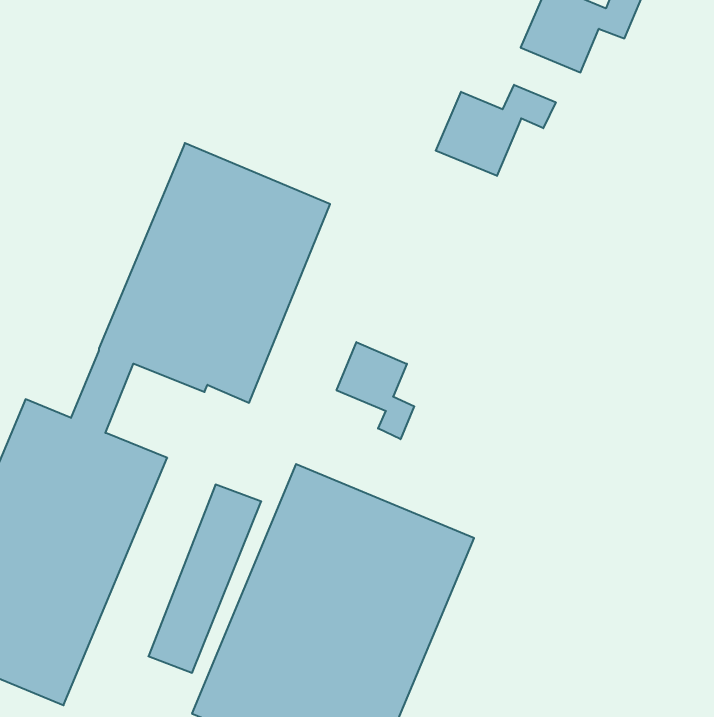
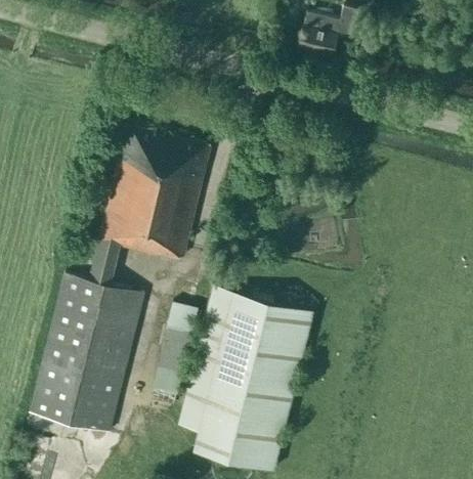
building: [436,85,556,176] -> none
building: [337,342,414,439] -> none

